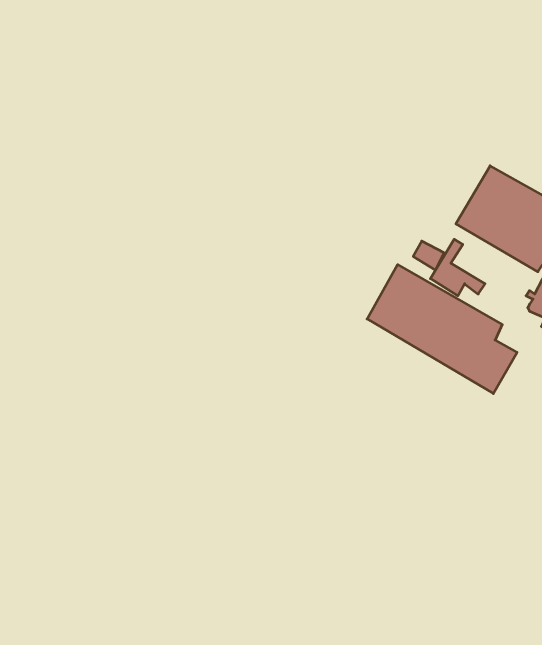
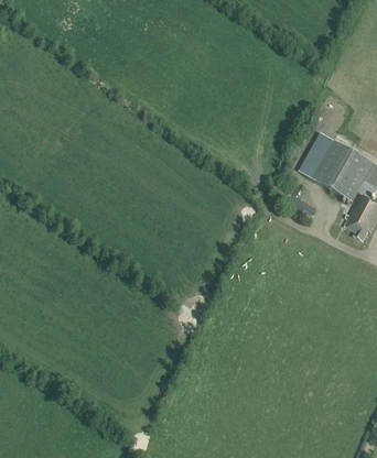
building: [367,265,517,394] -> none

